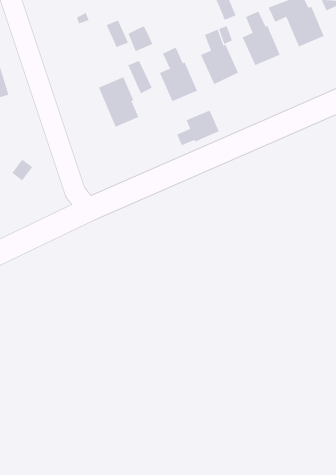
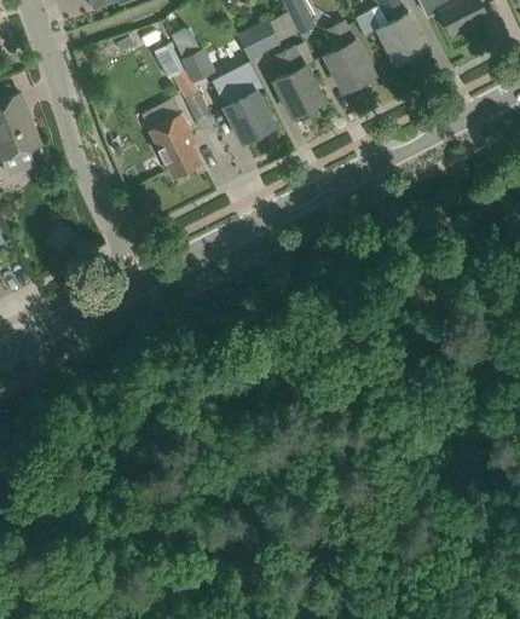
building: none -> [237,22,278,59]
building: [176,110,220,146] -> none

